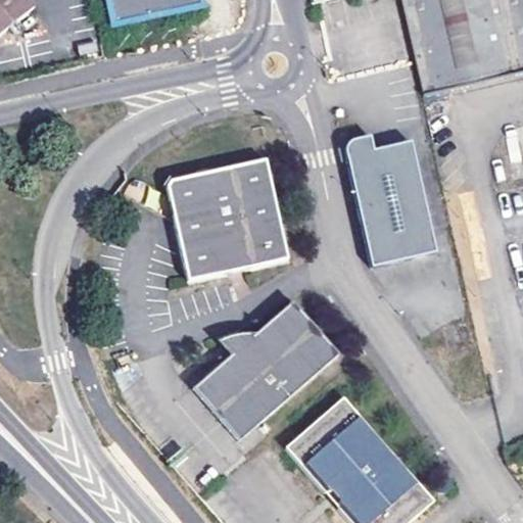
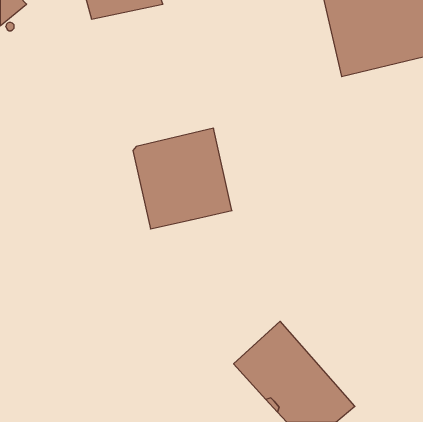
building: [346,135,436,264] -> none
building: [196,298,340,438] -> none

